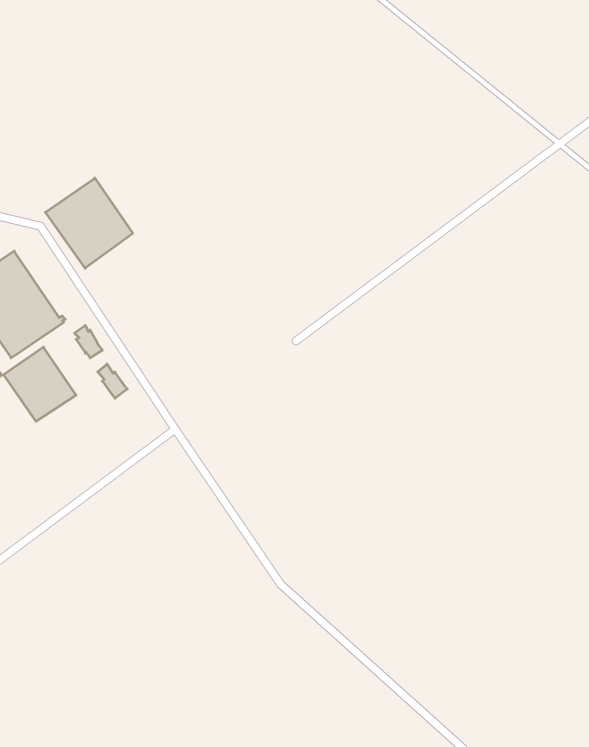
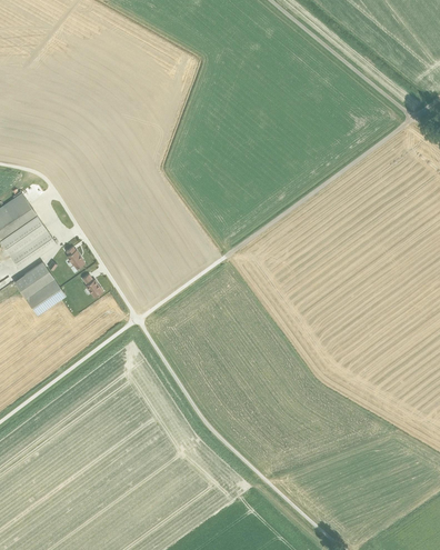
building: [45,178,133,268] -> none

